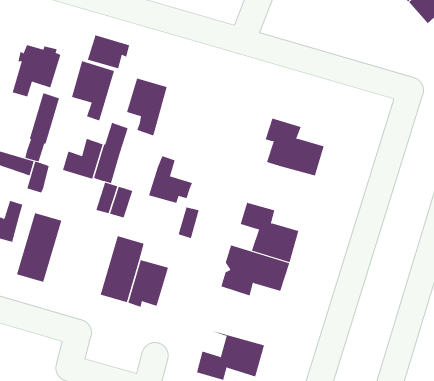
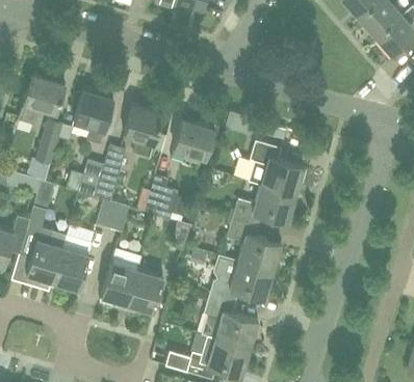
building: [87,34,130,69] -> none
building: none -> [170,119,217,164]
building: none -> [232,185,294,225]
building: none -> [48,235,90,291]
building: none -> [193,292,257,348]

